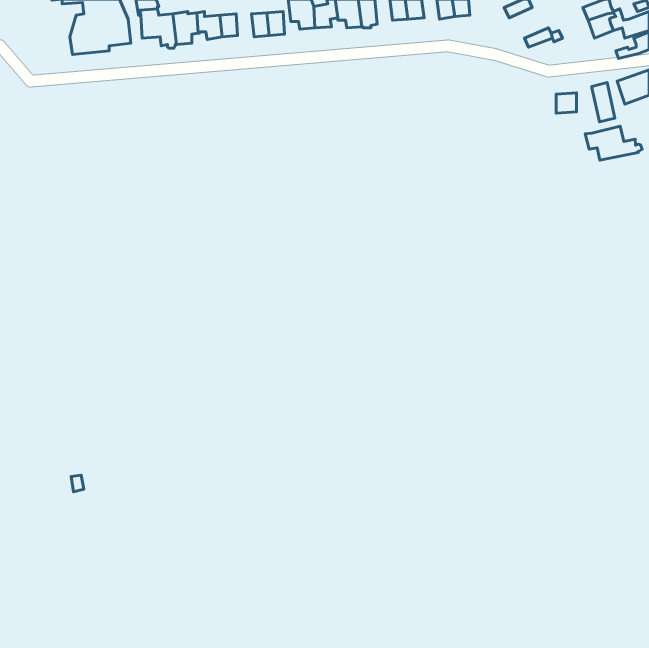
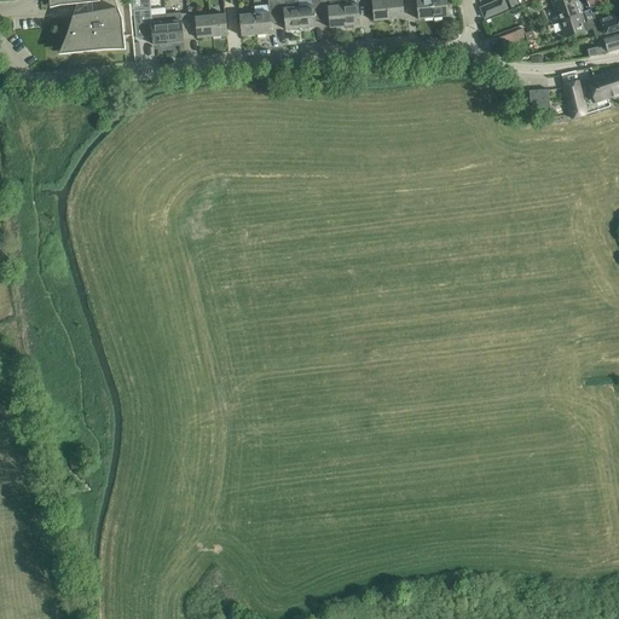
building: [585,126,642,160] -> none

